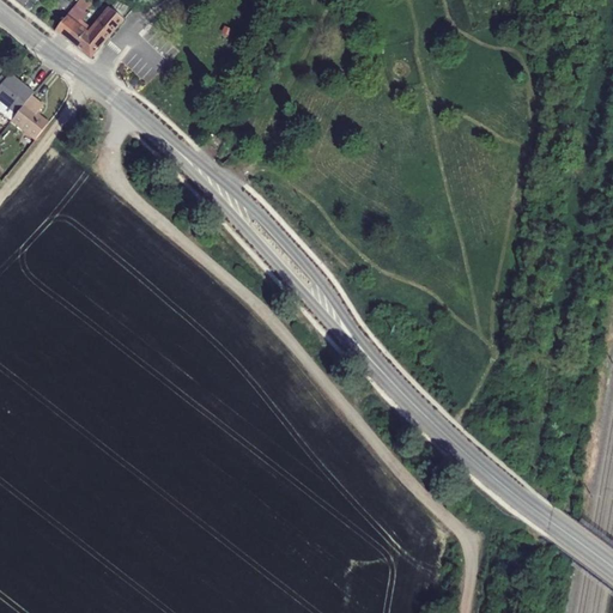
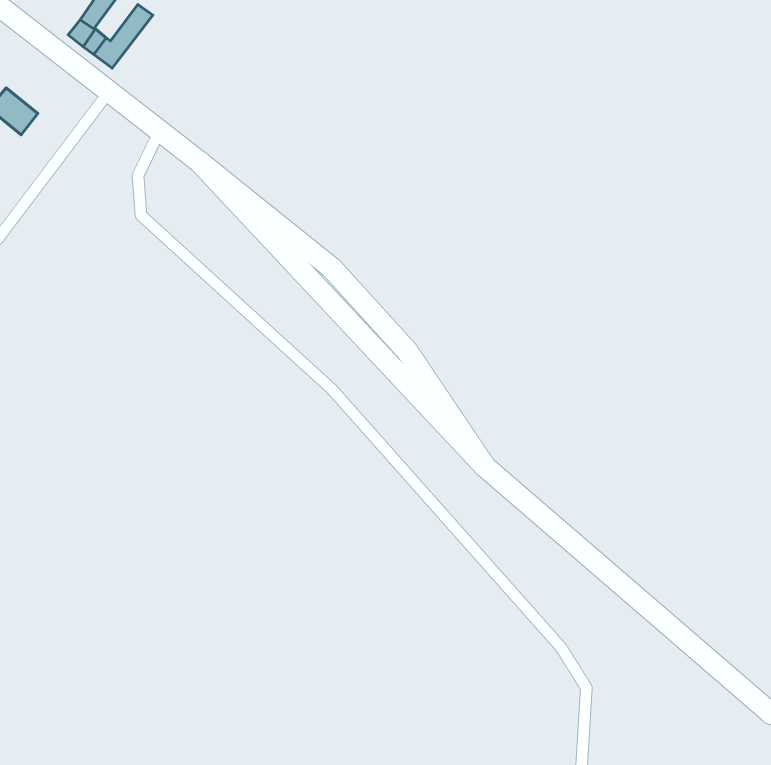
building: [12,90,47,133] -> none

